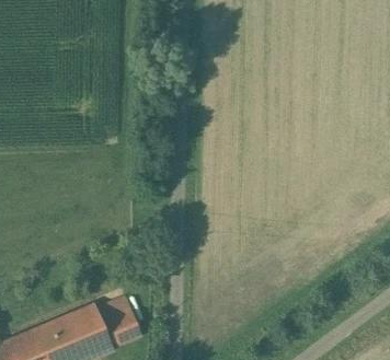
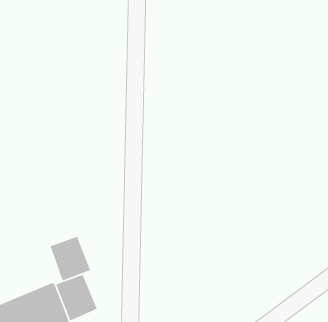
building: none -> [50,236,91,282]

